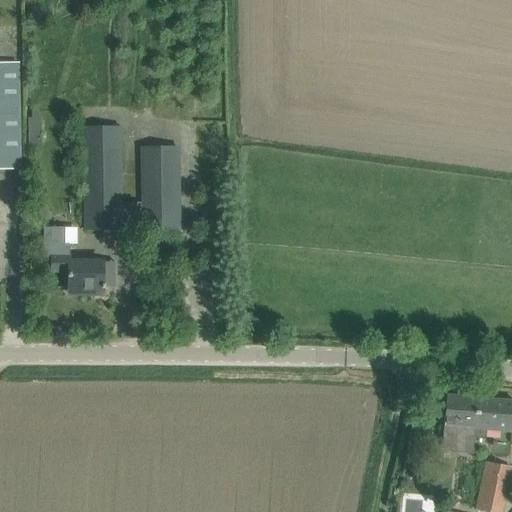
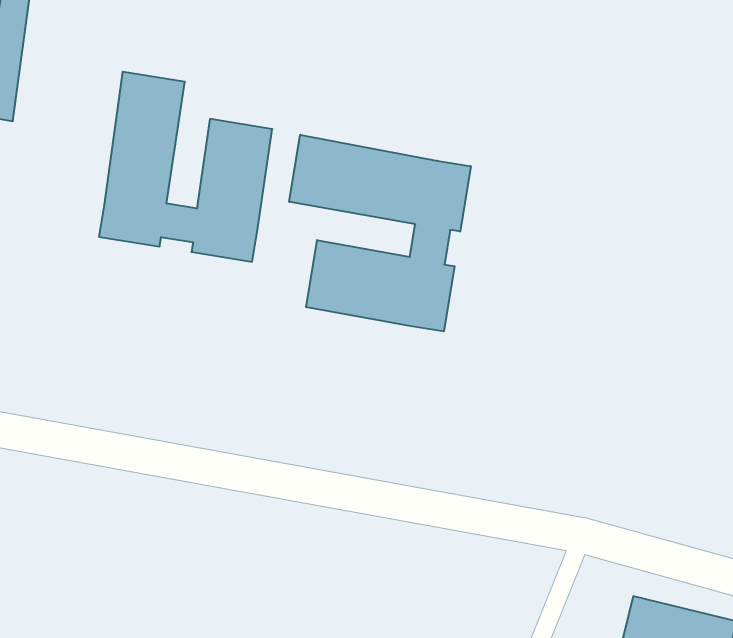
building: none -> [289,135,471,331]
building: [43,227,115,294] -> none

